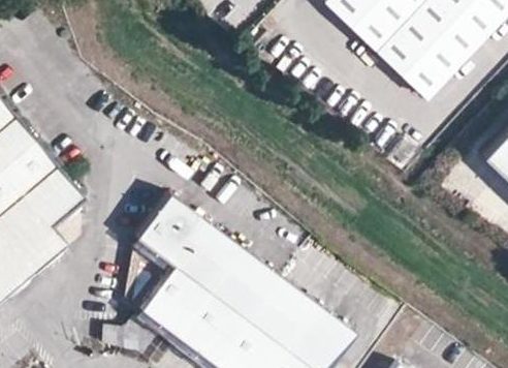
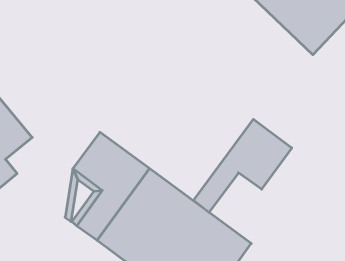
building: none -> [194,119,292,212]

